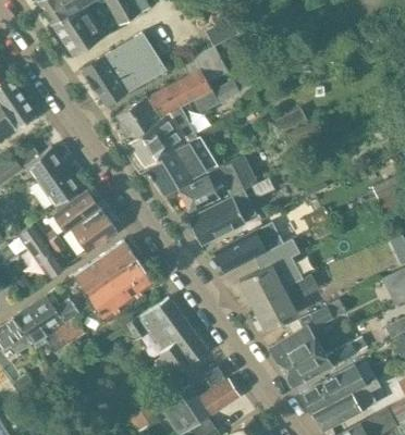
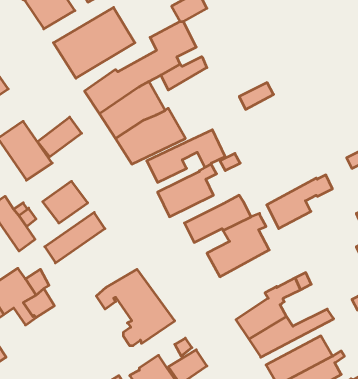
building: [54,190,99,231] -> [38,117,82,157]
building: [86,260,155,320] -> none
building: [251,275,318,330] -> [267,175,332,229]

